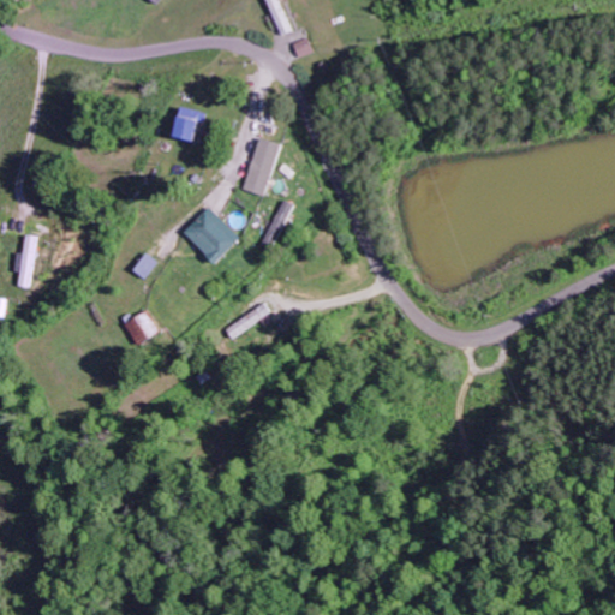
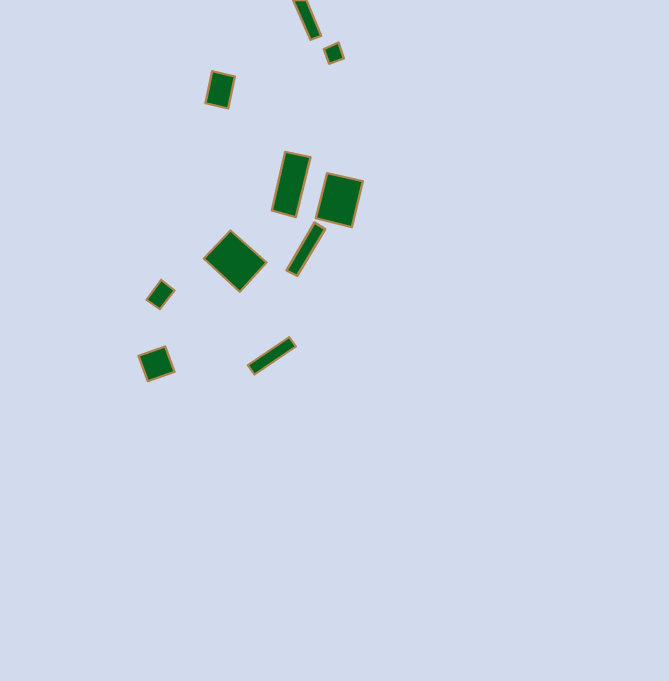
building: [178,107,204,141] -> [205,71,235,109]
building: none -> [316,173,363,227]
building: [11,234,35,287] -> none

